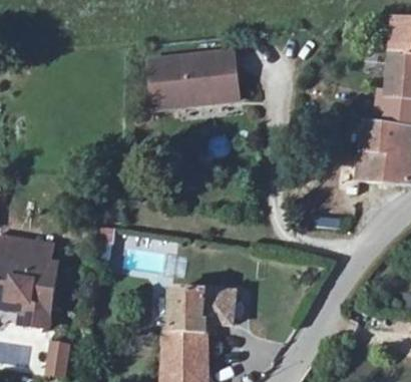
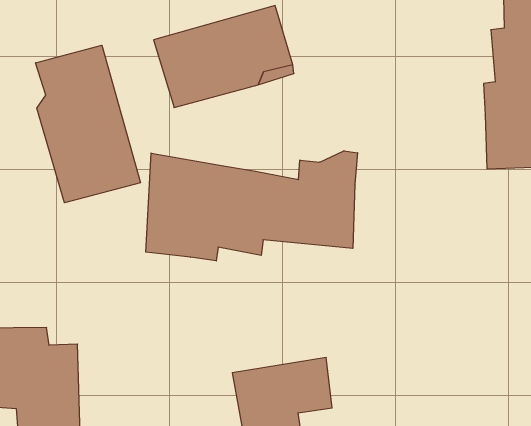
building: none -> [36,45,141,203]
building: none -> [146,151,358,261]

